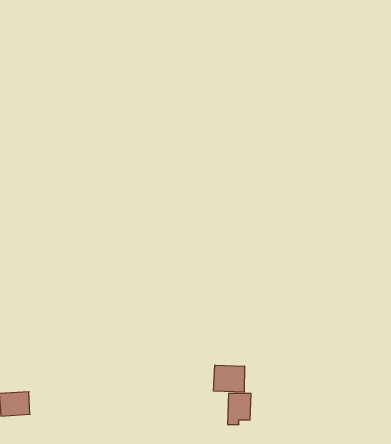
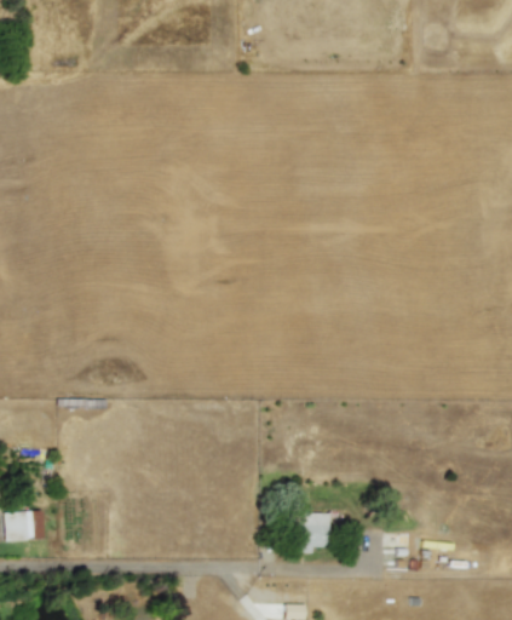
building: [214,365,244,392] -> none

